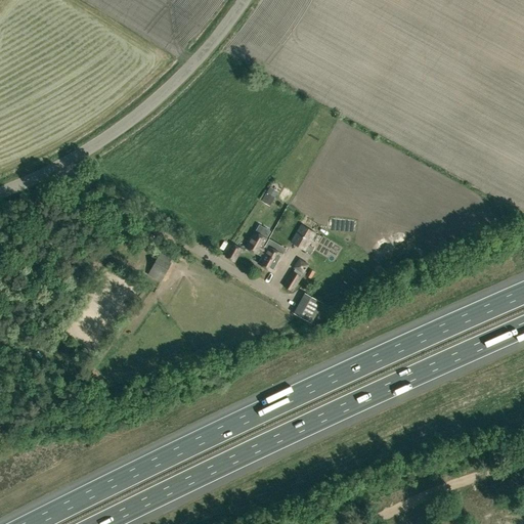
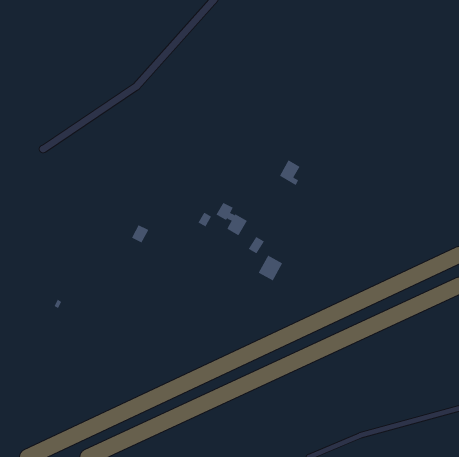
building: [291,222,315,252] -> [279,160,301,186]

